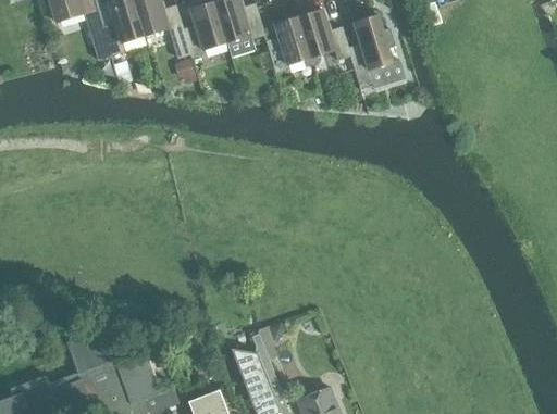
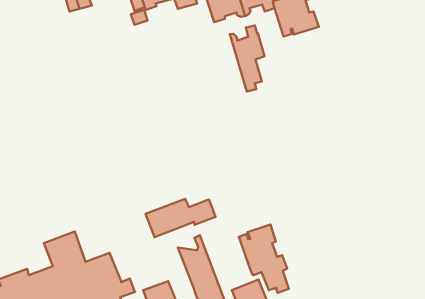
building: none -> [230,26,265,92]
building: none -> [146,199,216,237]
building: none -> [239,224,289,293]

